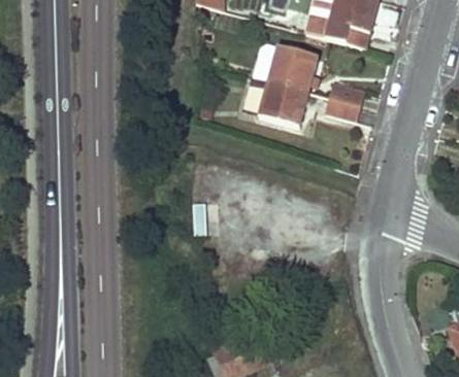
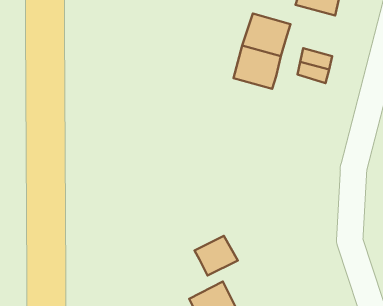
building: none -> [194,236,238,276]

